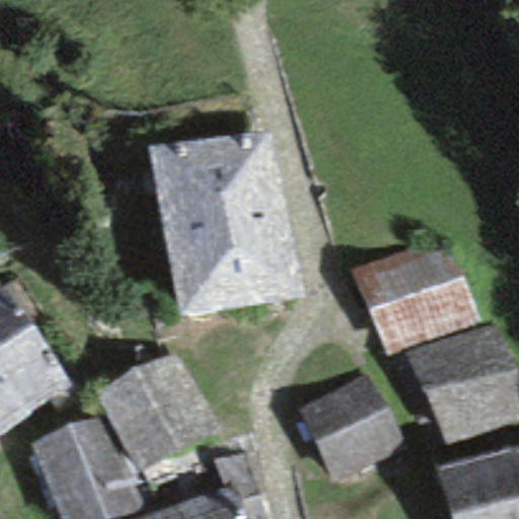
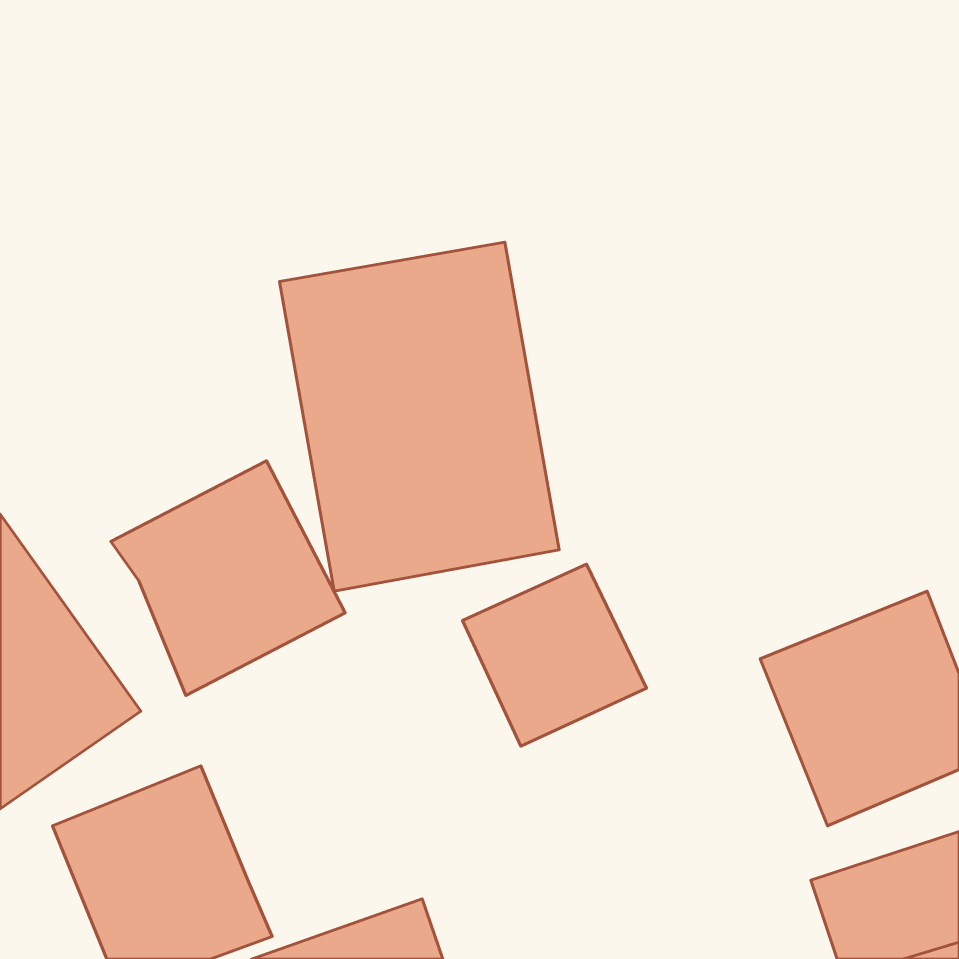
building: [351,234,477,357] -> none
building: [93,349,220,475] -> [111,461,345,695]
building: [300,378,399,476] -> [463,564,646,746]

